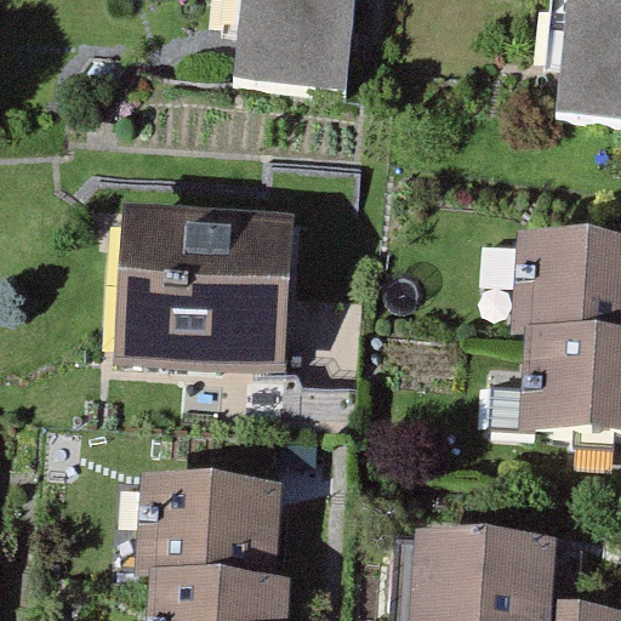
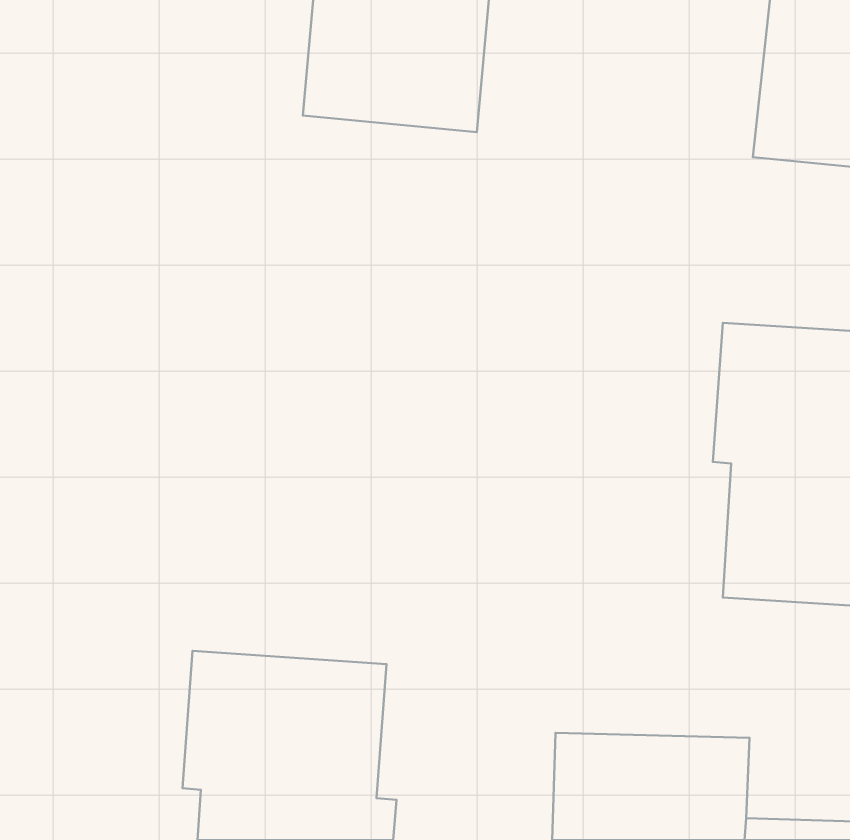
building: [118,210,291,371] -> none

